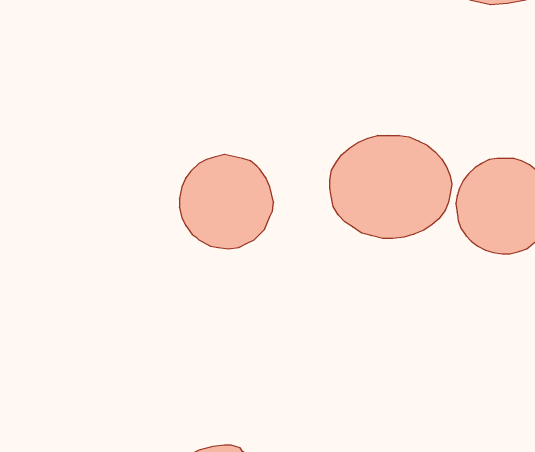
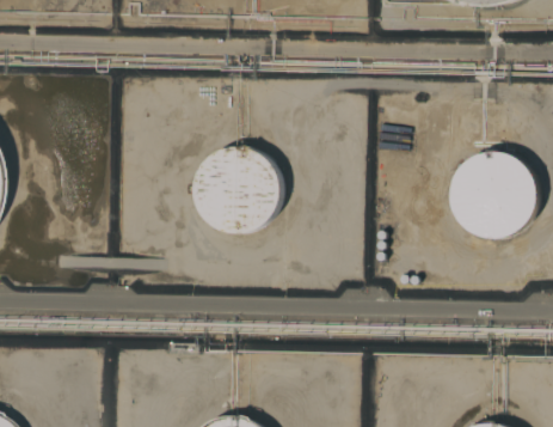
building: [330,135,452,238] -> none

